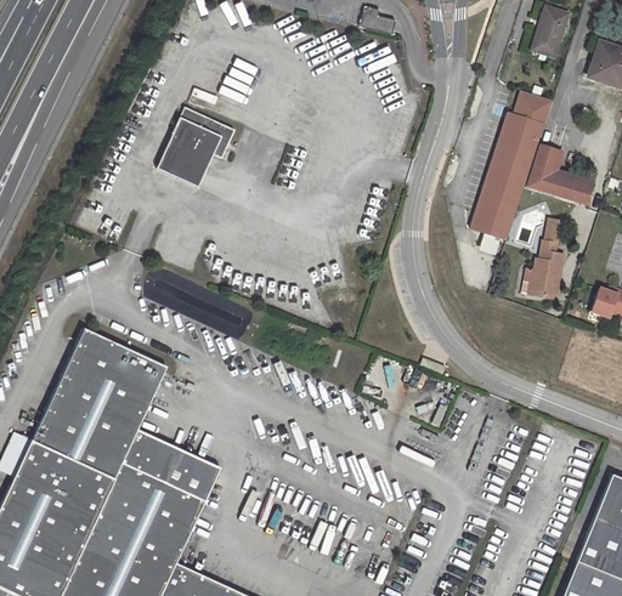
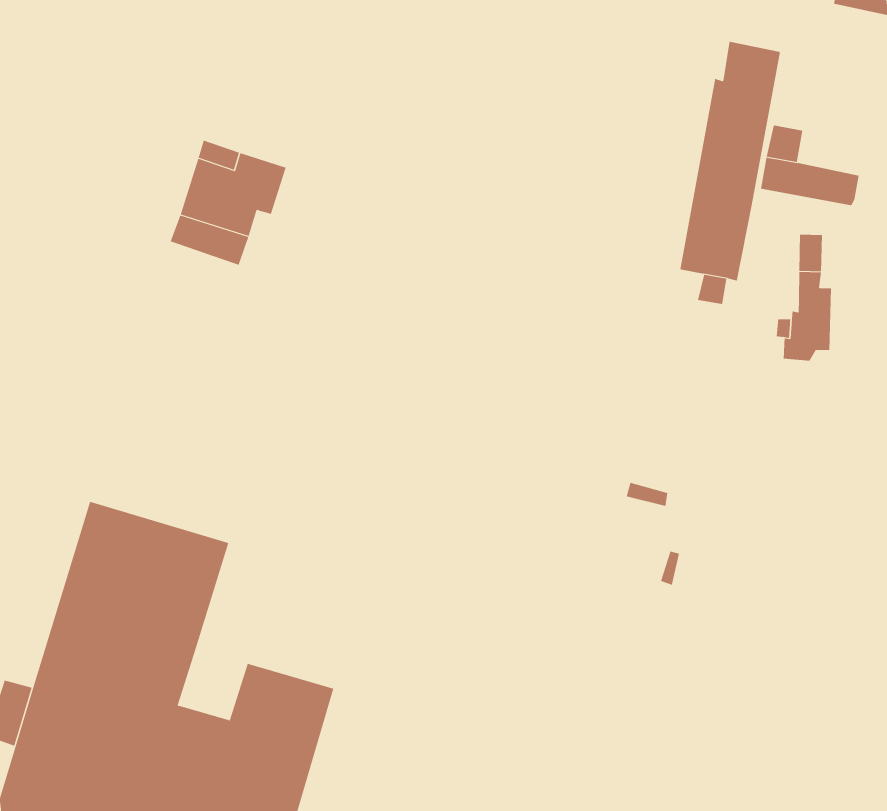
building: [120,426,166,473] -> none

